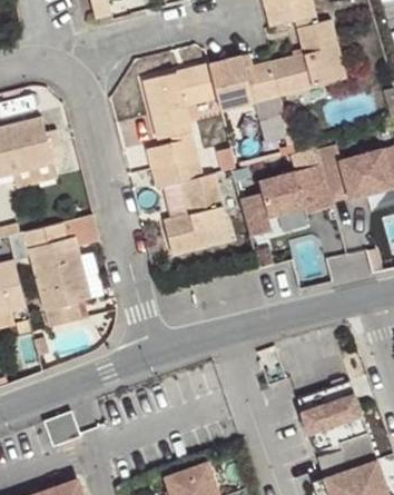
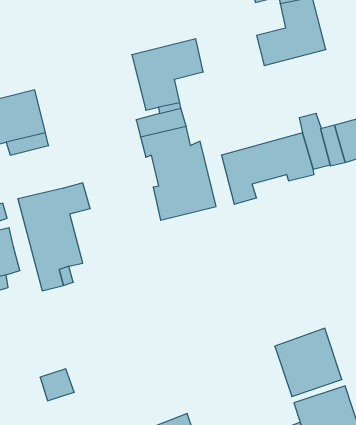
building: [209,56,280,109] -> none

